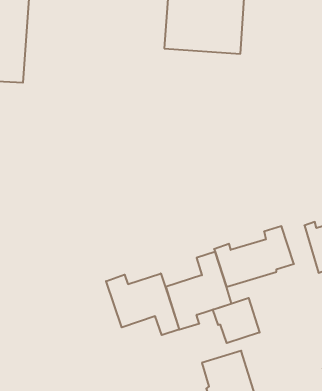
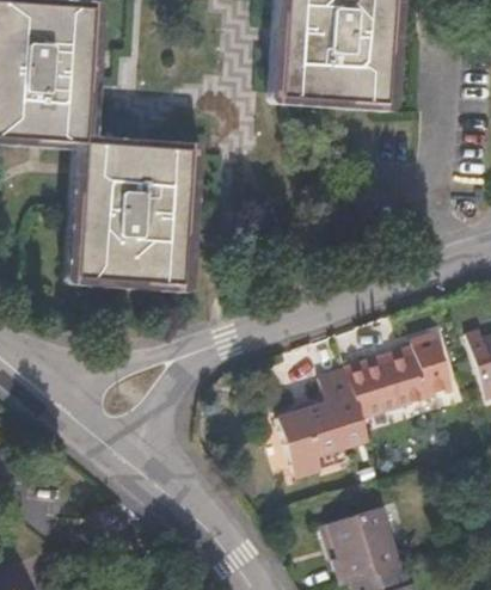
building: none -> [73,140,186,282]
building: [106,273,179,335] -> none
building: [213,298,260,343] -> none

